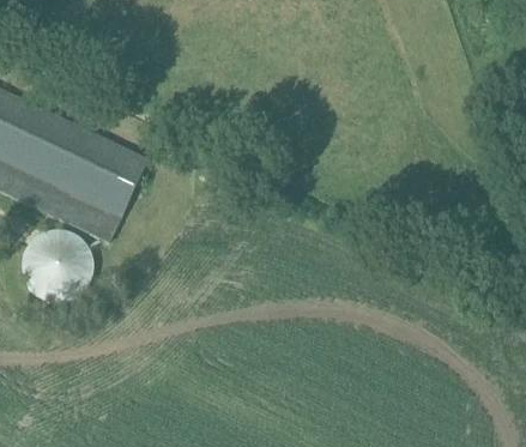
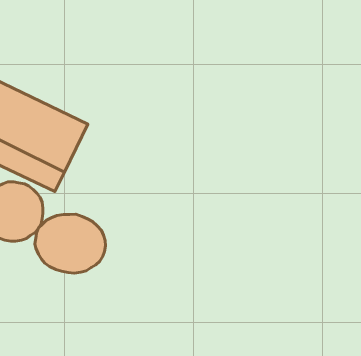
building: none -> [35,214,106,273]

